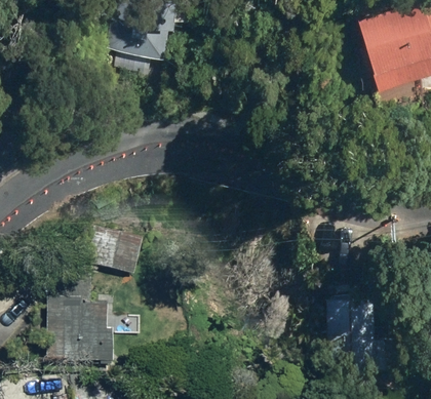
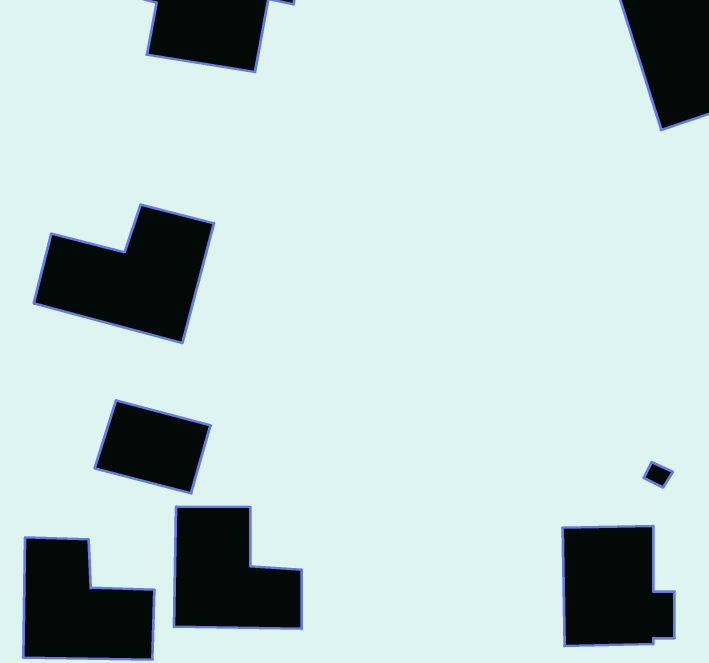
building: none -> [34,205,214,343]
building: none -> [174,507,302,629]

